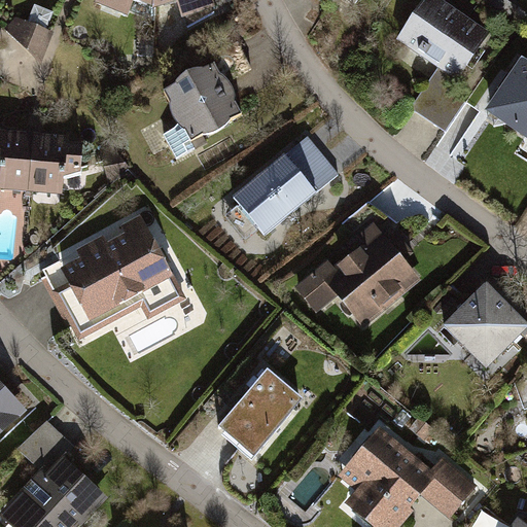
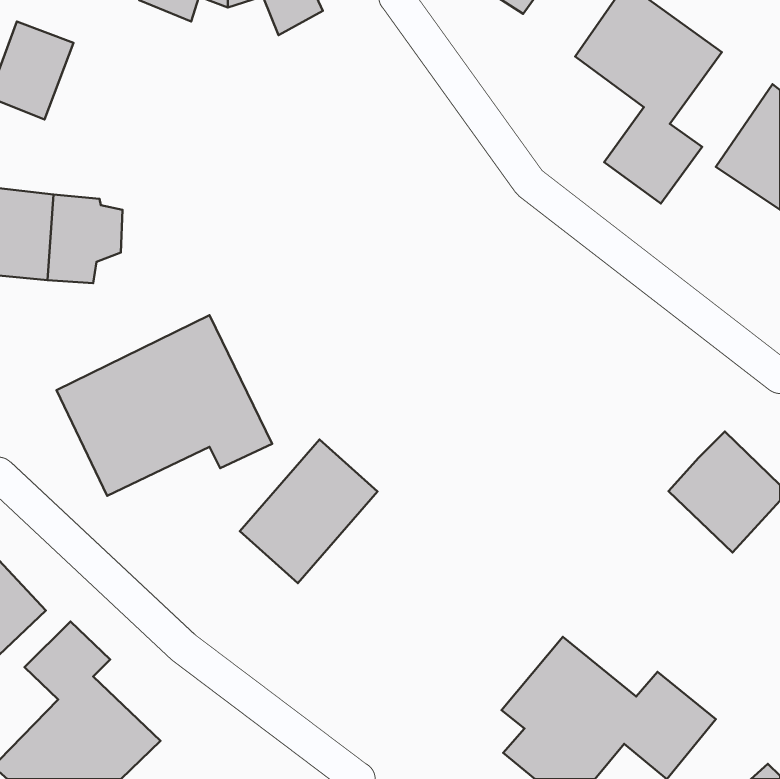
building: [160,57,247,142] -> none
building: [224,132,343,242] -> none
building: [293,216,429,330] -> none
building: [216,363,309,460] -> [240,439,377,583]

